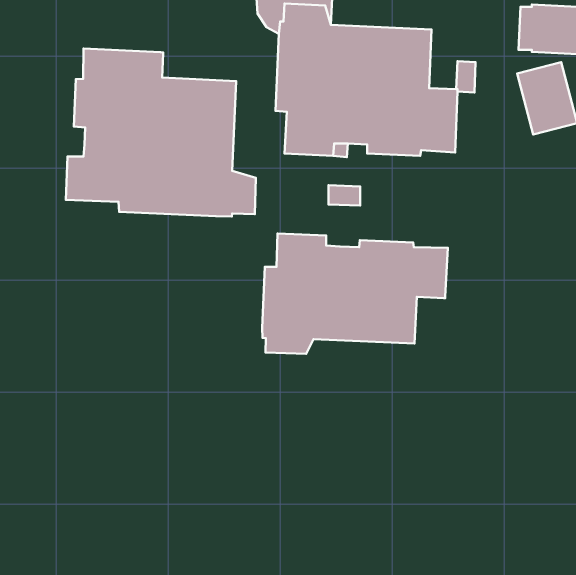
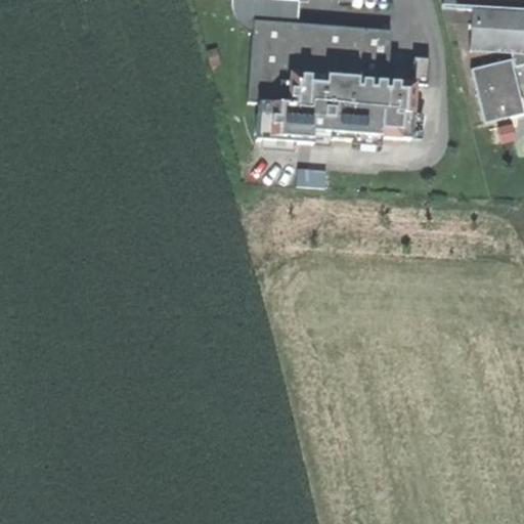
building: [66,48,256,216] -> none
building: [262,234,448,354] -> none

